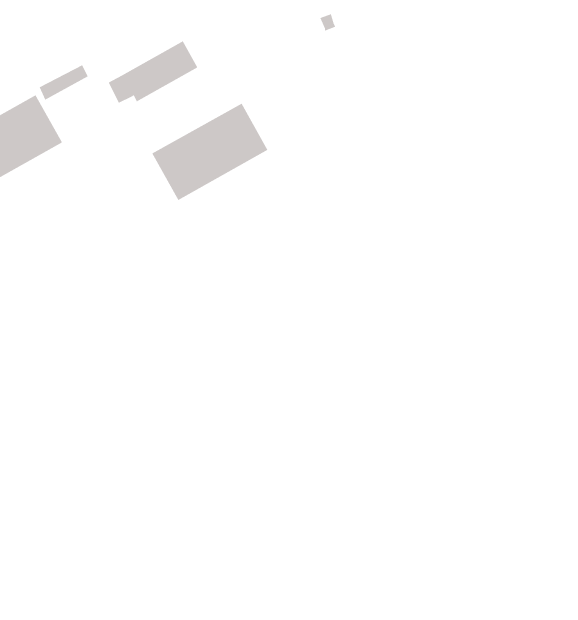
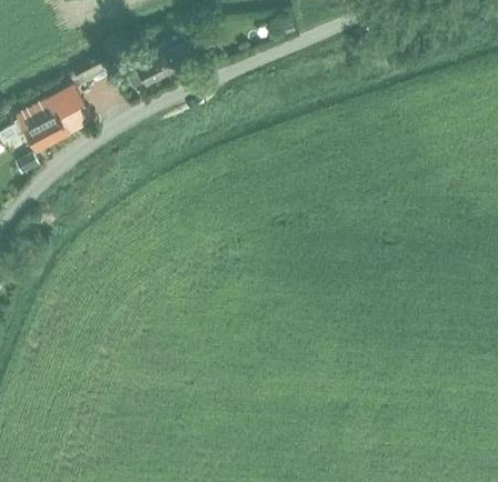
building: [152,103,268,201] -> none

